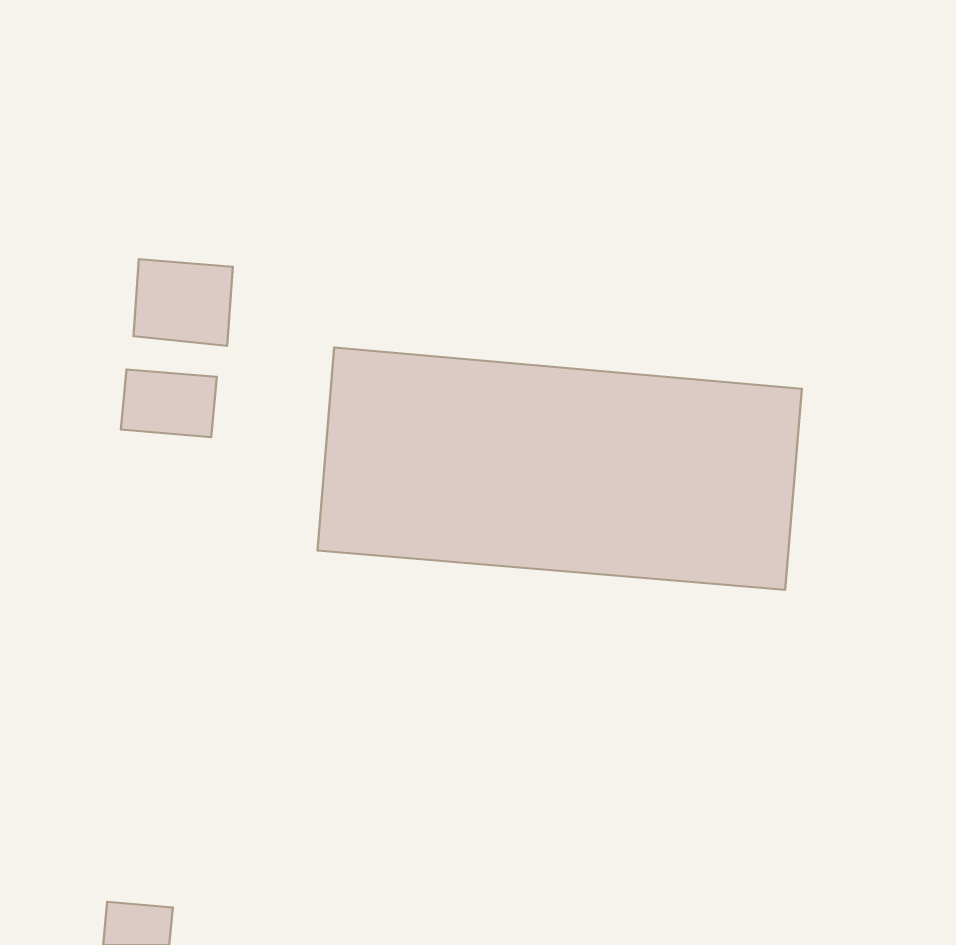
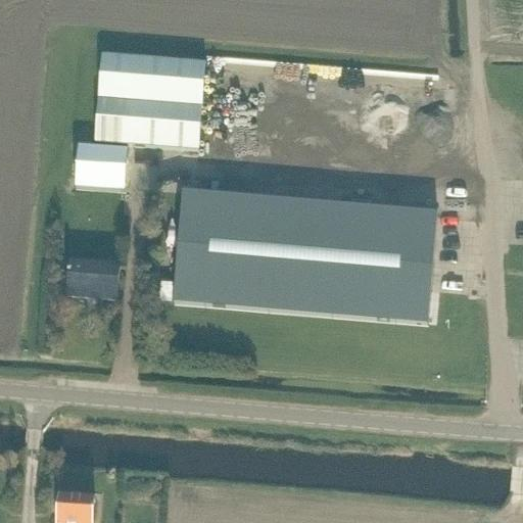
building: none -> [95,51,203,146]
building: [121,369,217,437] -> [66,258,118,295]

